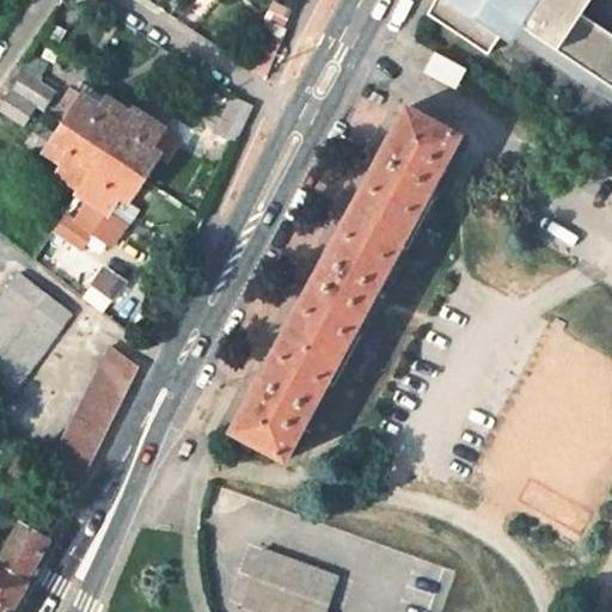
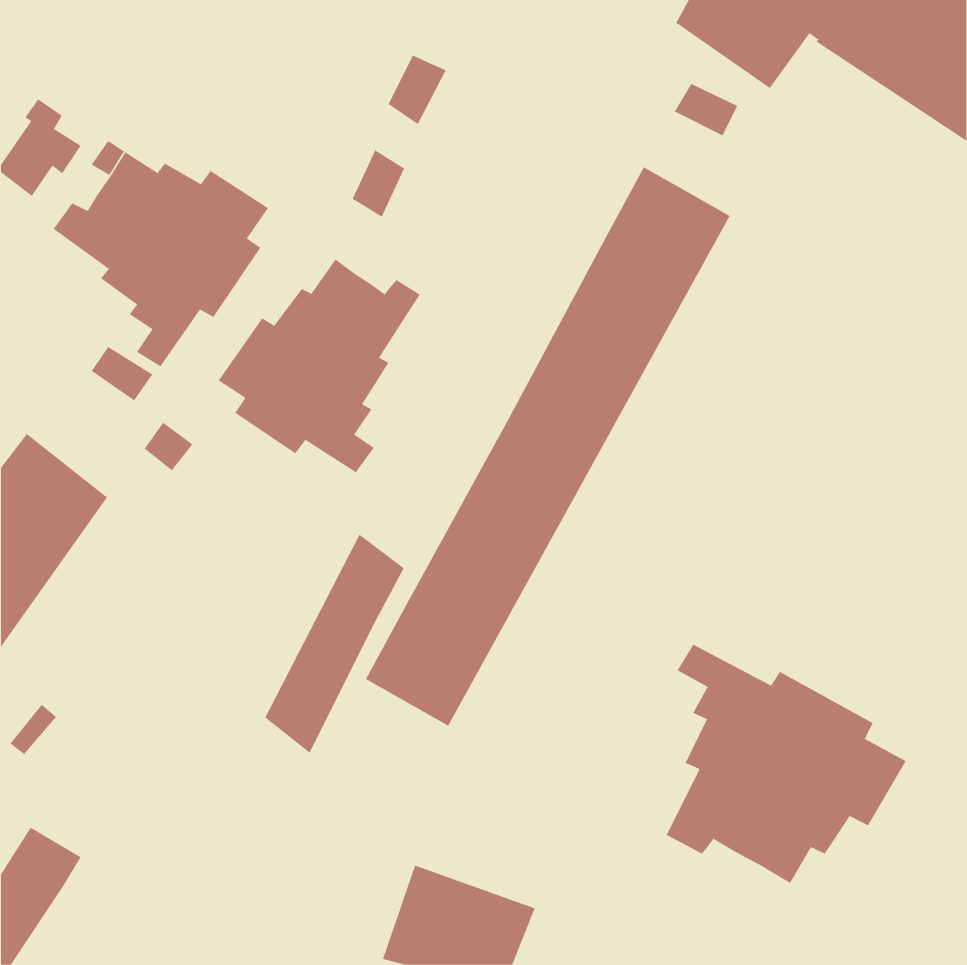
building: none -> [218,258,420,473]
building: [49,347,137,485] -> [265,534,405,753]
building: none -> [666,644,906,884]

